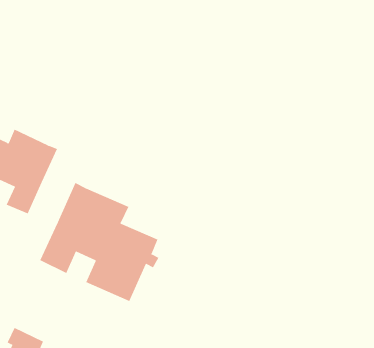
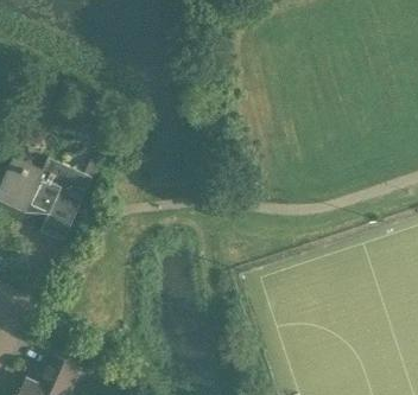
building: [39,182,159,302] -> none

